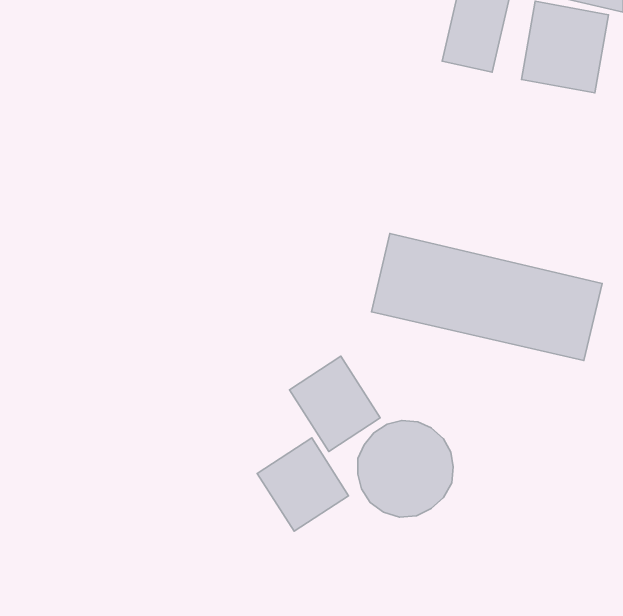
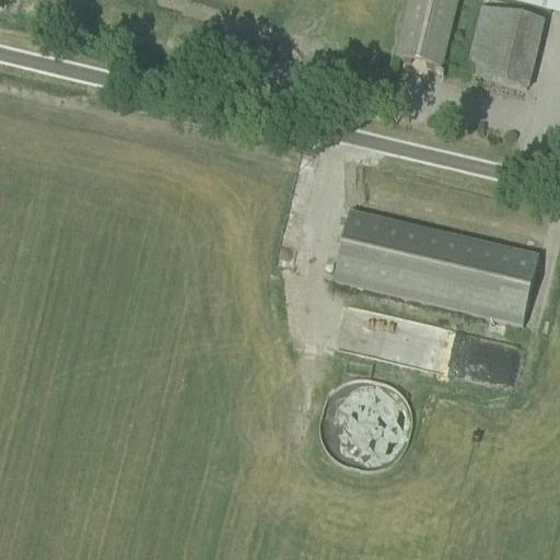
building: [289,356,380,452] -> none
building: [257,438,349,531] -> none

